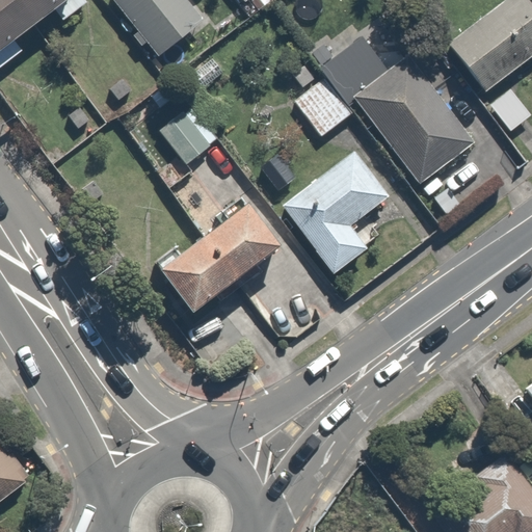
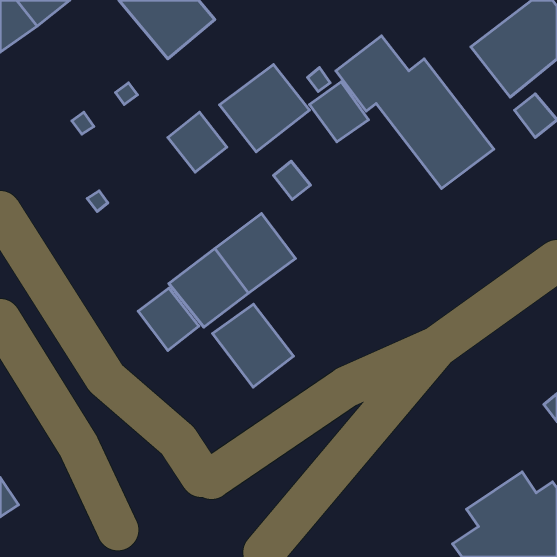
building: none -> [220,64,309,152]
building: [282,150,391,274] -> none
building: none -> [138,288,199,350]
building: none -> [213,304,293,387]

